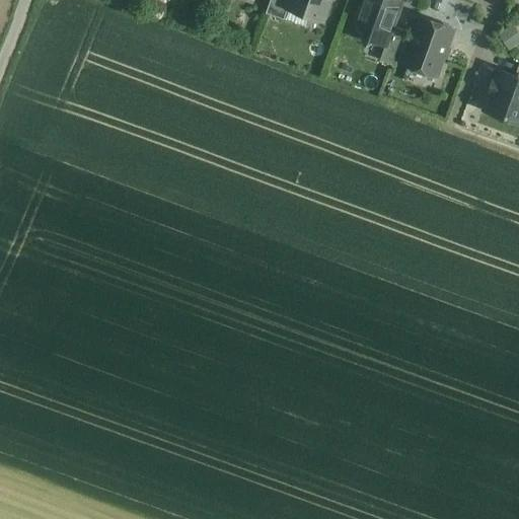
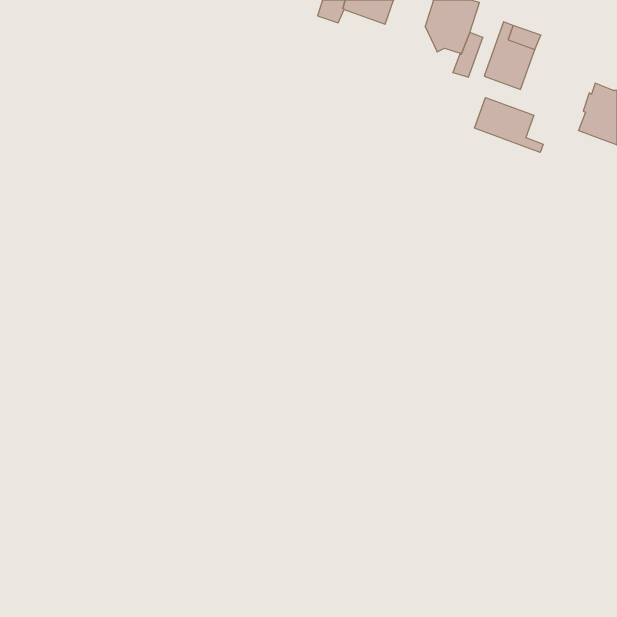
building: none -> [474,98,543,152]

